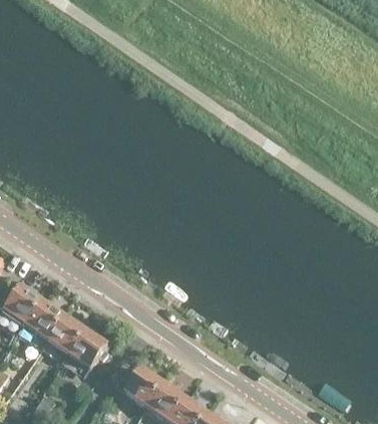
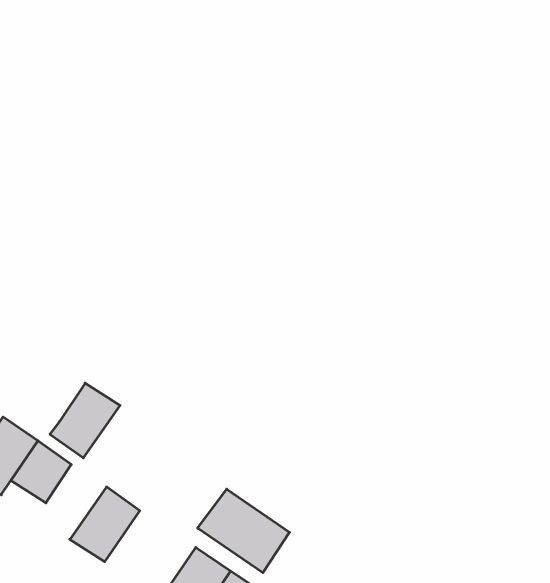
building: [41,315,85,363] -> [50,383,120,458]
building: none -> [198,489,290,573]

